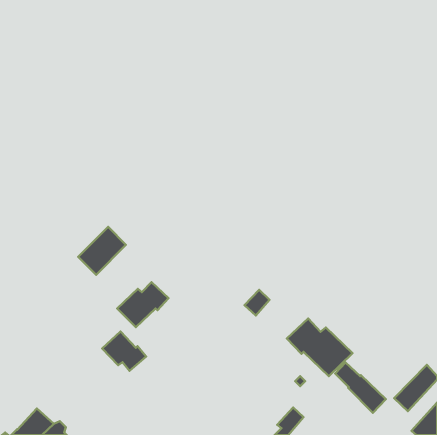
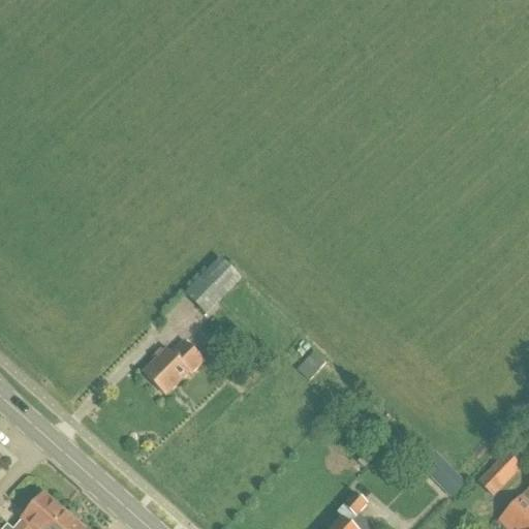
building: [78,227,126,275] -> [184,257,242,315]
building: [287,318,352,376] -> none
building: [102,332,146,371] -> none

